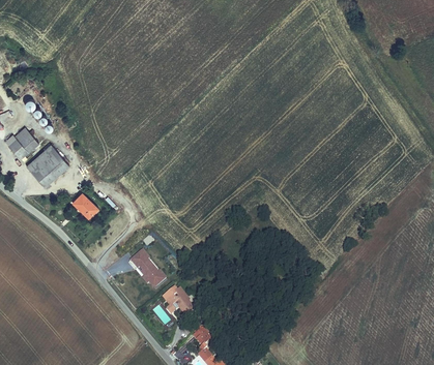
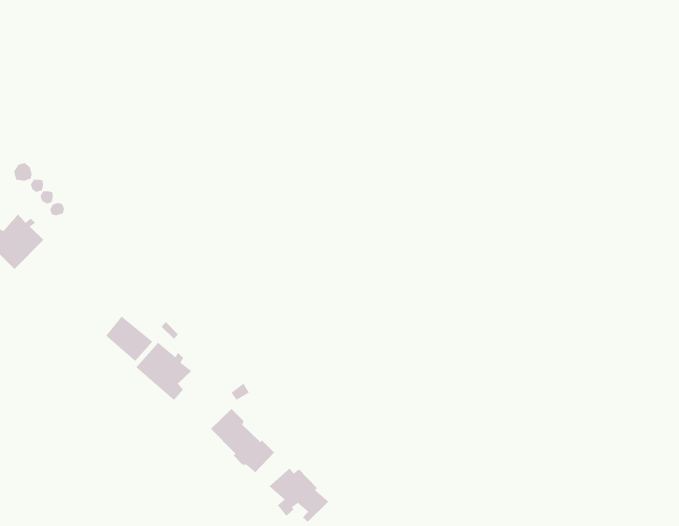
building: [26,144,70,188] -> none
building: none -> [136,342,192,401]

